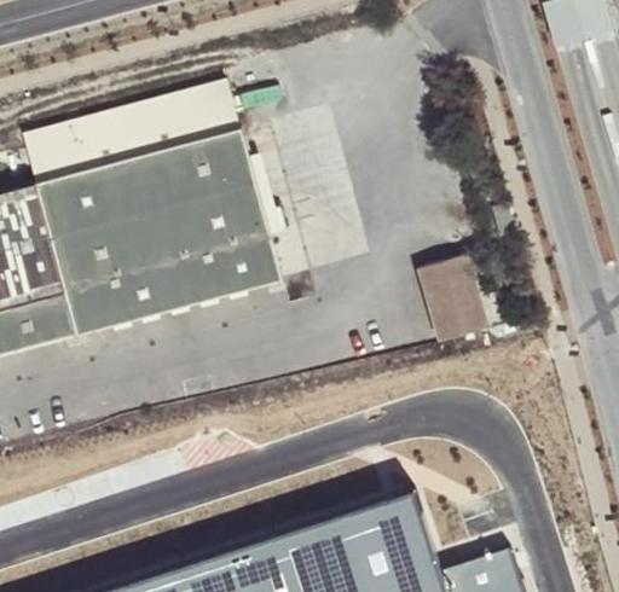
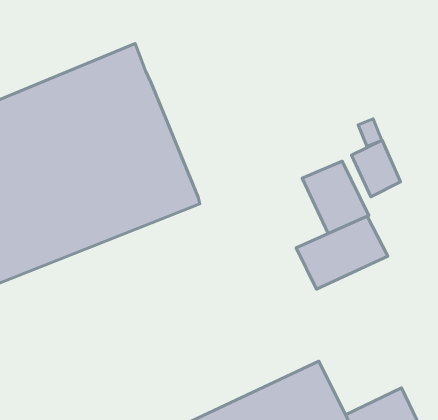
building: none -> [352,140,400,197]
building: none -> [296,216,388,289]

